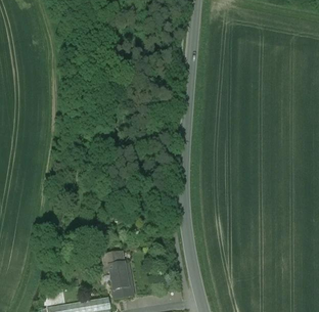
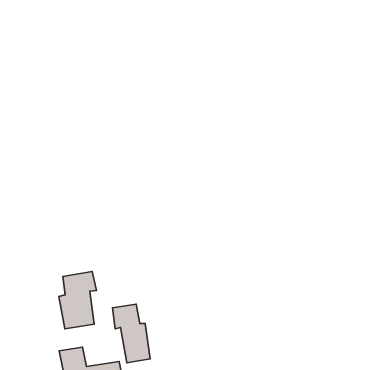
building: none -> [59,272,96,329]

